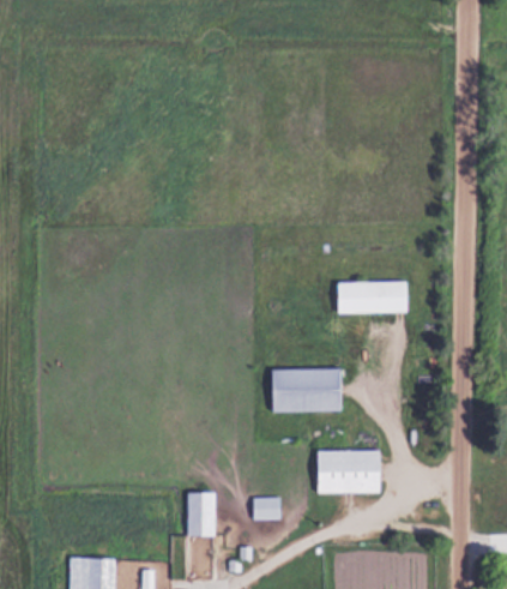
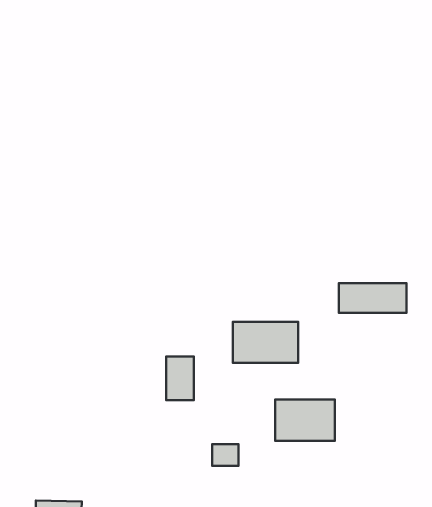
building: [338,282,409,313] -> [339,283,407,313]
building: [186,491,215,536] -> [166,357,194,400]

